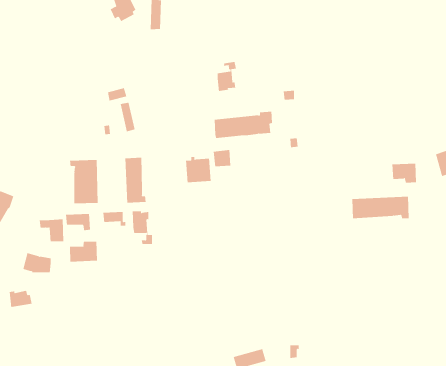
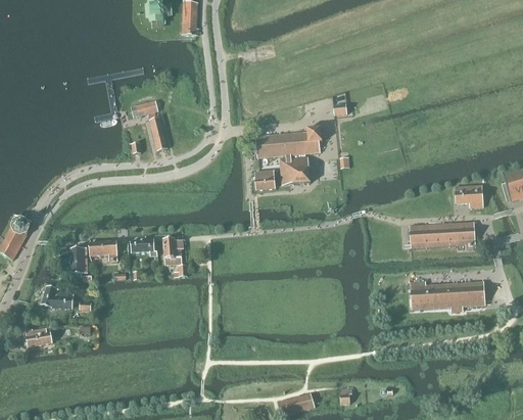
building: [217,61,236,92] -> none
building: [185,156,212,183] -> [279,154,308,184]
building: [125,157,146,204] -> none
building: [69,159,98,204] -> none
building: [70,241,97,262] -> none
building: none -> [409,281,484,309]

